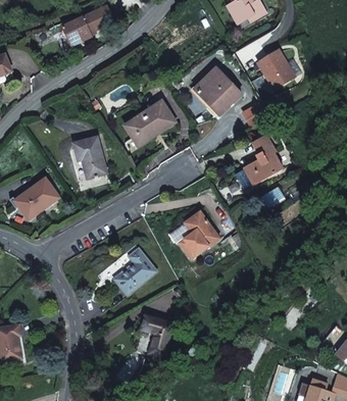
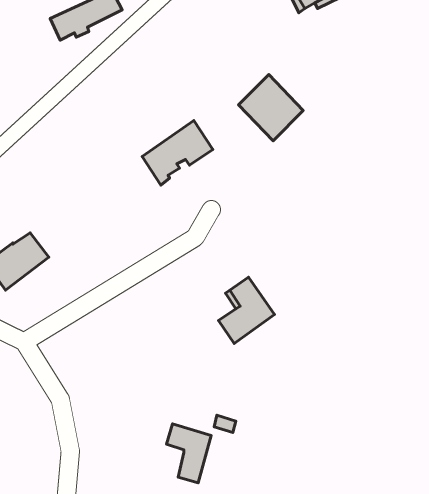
building: [259,50,293,89] -> none
building: [243,134,282,183] -> none
building: [72,137,105,177] -> none
building: [113,248,156,294] -> none

